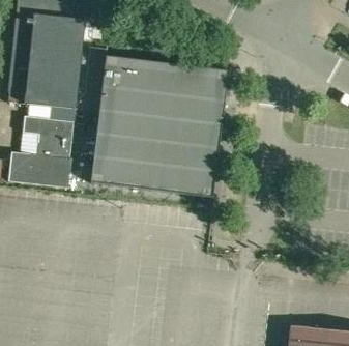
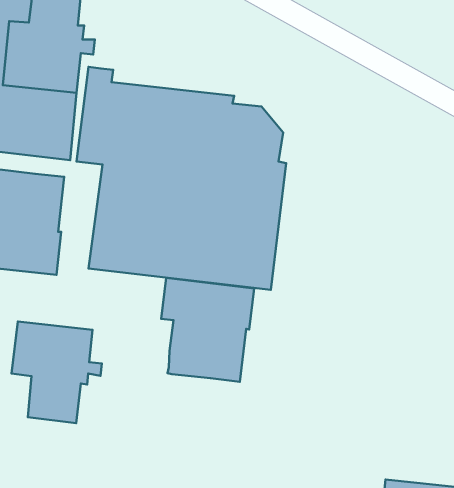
building: none -> [161,278,254,382]
building: none -> [11,321,102,423]

